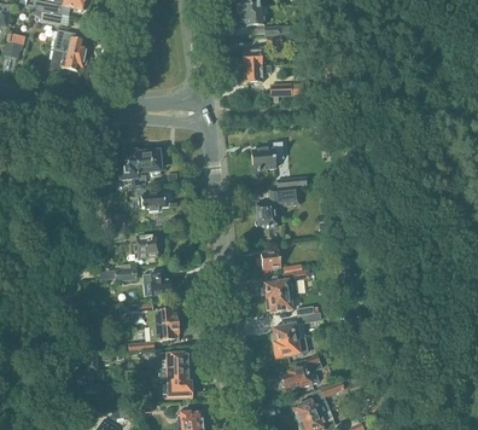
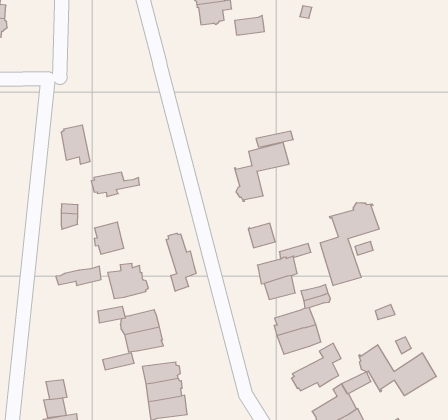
building: [251,143,284,174] -> none
building: [129,151,163,188] -> none
building: none -> [320,203,379,286]
building: none -> [166,233,196,291]
building: none -> [359,345,436,396]

